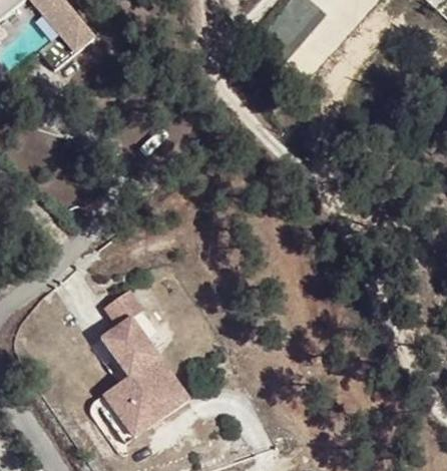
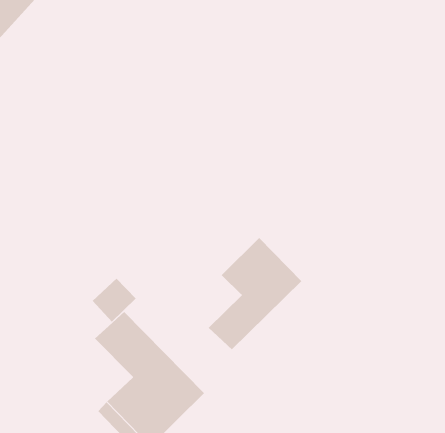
building: none -> [208,237,302,350]

